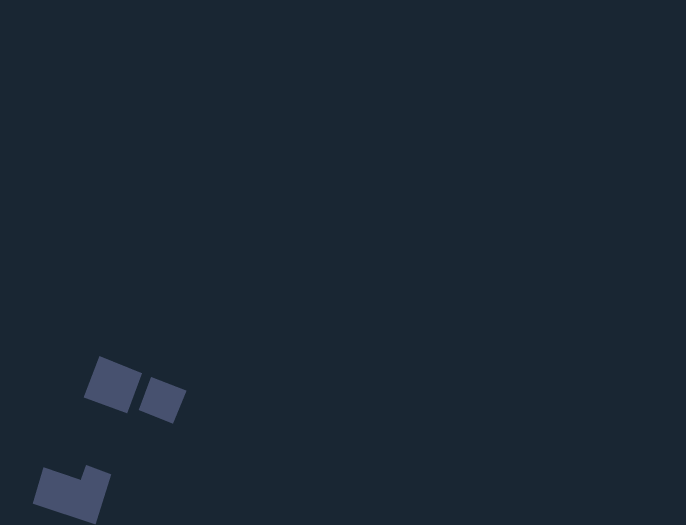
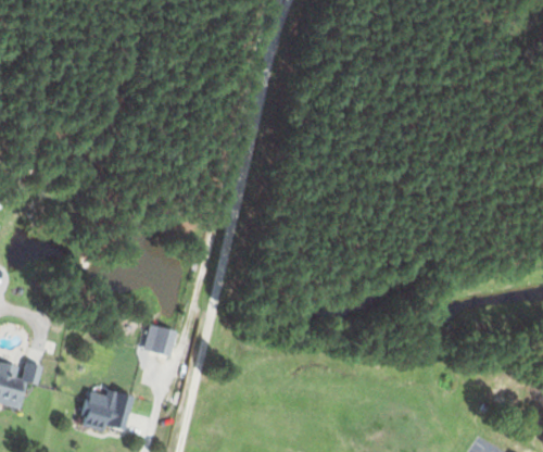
building: [83,355,143,414] -> none

